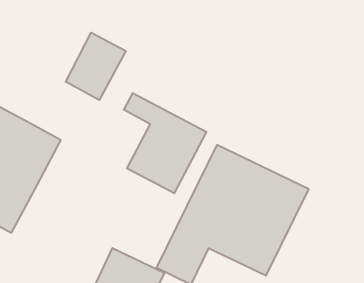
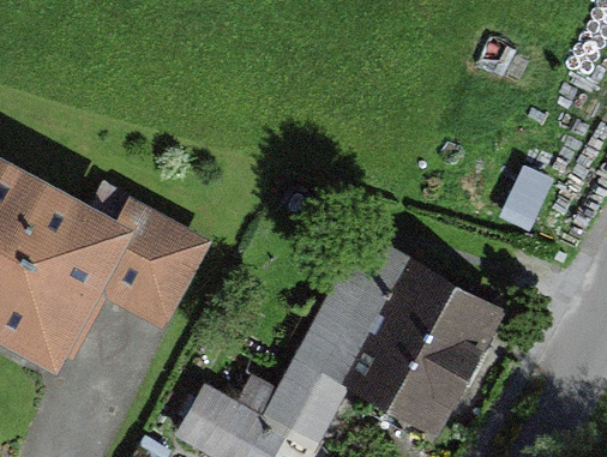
building: [66,33,126,100] -> none
building: [124,93,207,193] -> [89,185,212,333]

